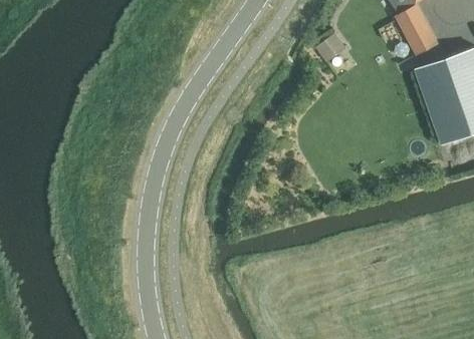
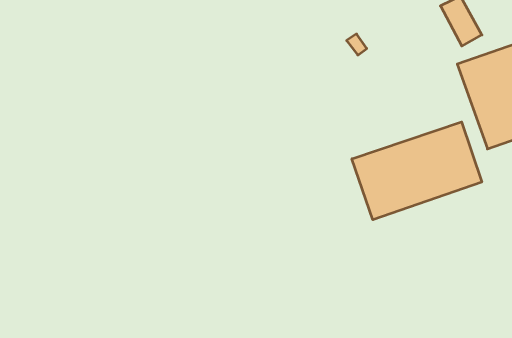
building: none -> [352,122,482,220]

